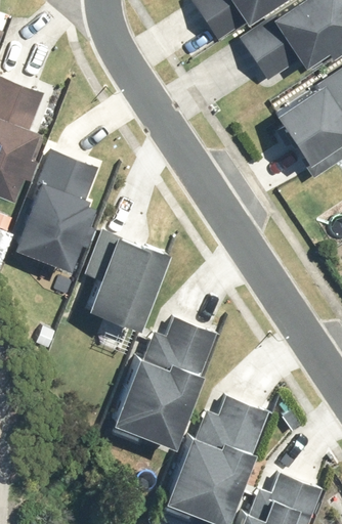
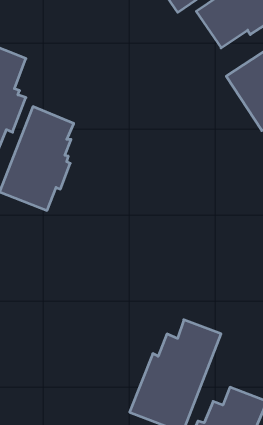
building: [87,231,169,331] -> none
building: [113,317,218,447] -> none

